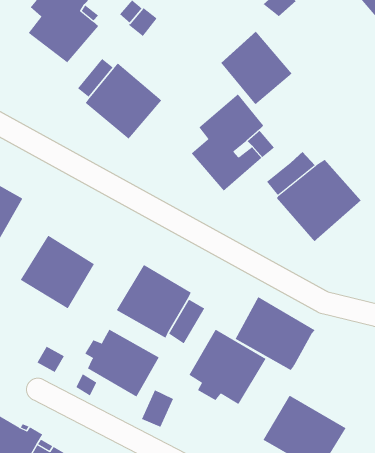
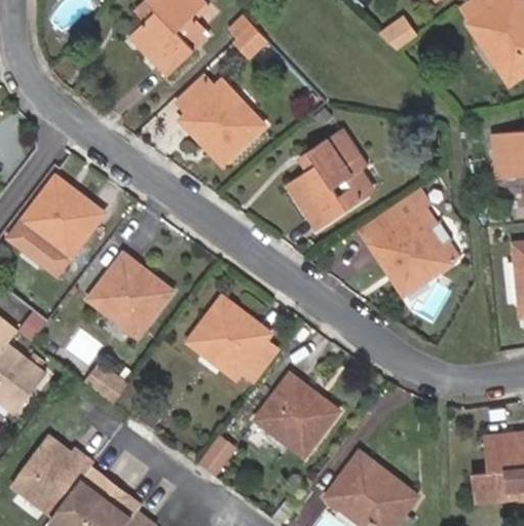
building: [220,31,293,105] -> none
building: [235,296,315,371] -> none
building: [85,329,160,397] -> none

